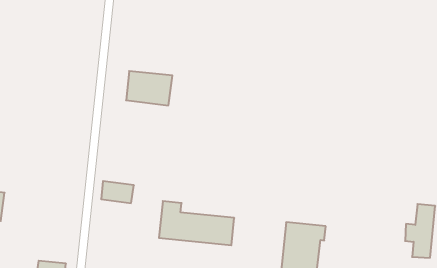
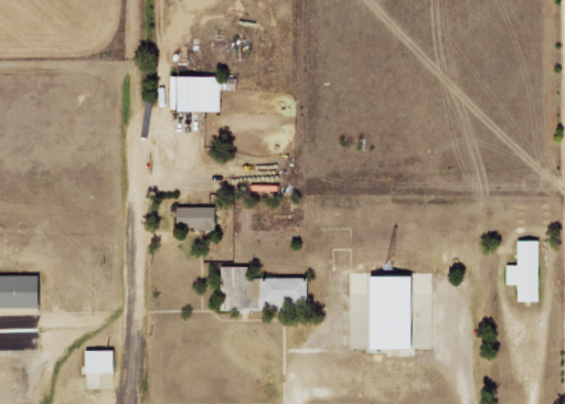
building: [126,71,172,105] -> [169,76,220,111]
building: [101,181,134,203] -> [175,206,212,228]

